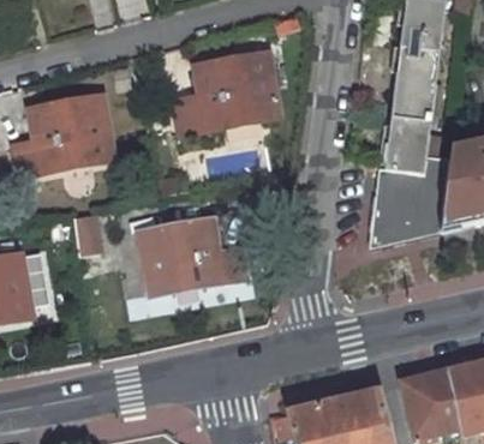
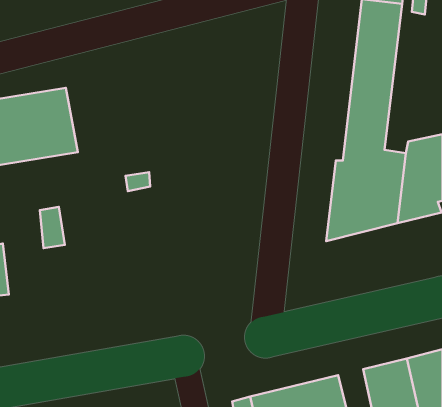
building: [180,54,280,133] -> none
building: [141,217,245,296] -> none

